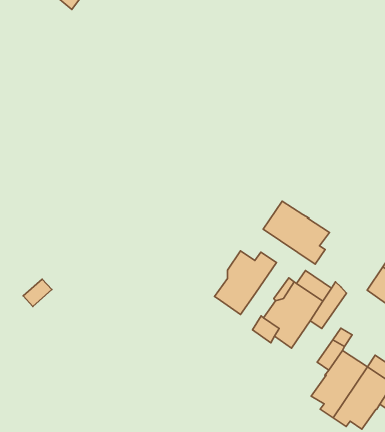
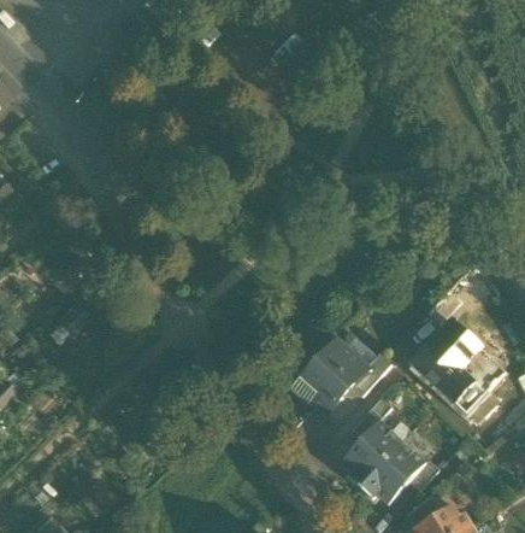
building: [263,201,330,264] -> none
building: [214,251,277,314] -> none

